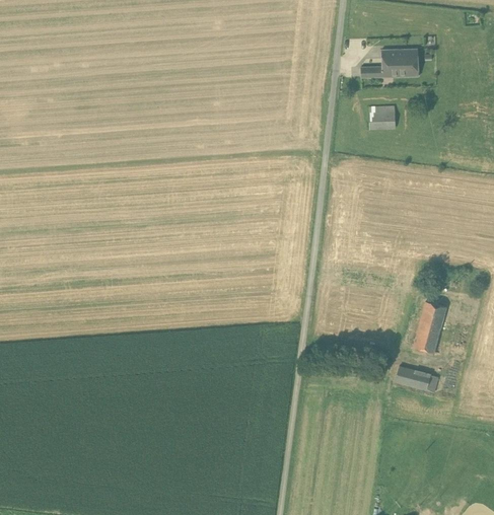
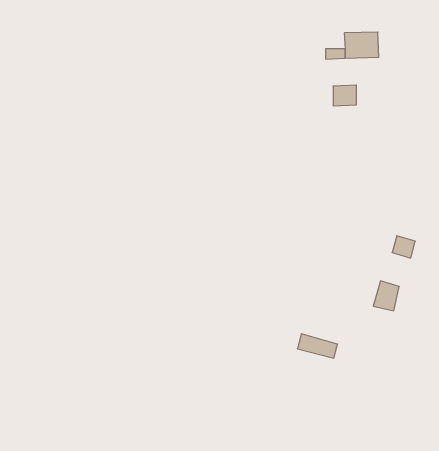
building: [421,301,446,325] -> [392,236,415,258]
building: [395,366,438,392] -> [297,334,338,358]

